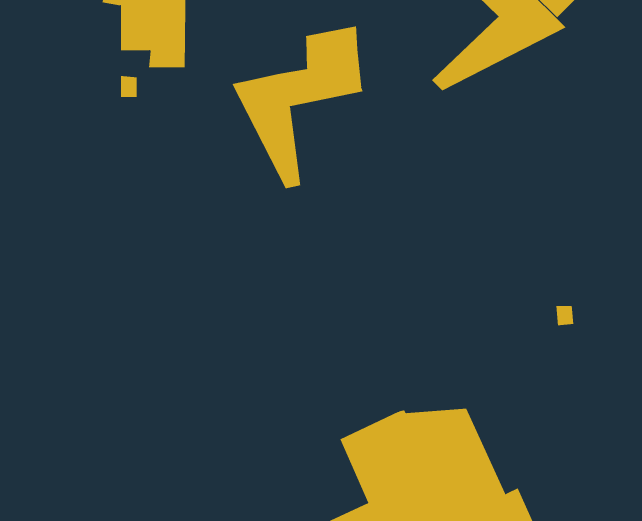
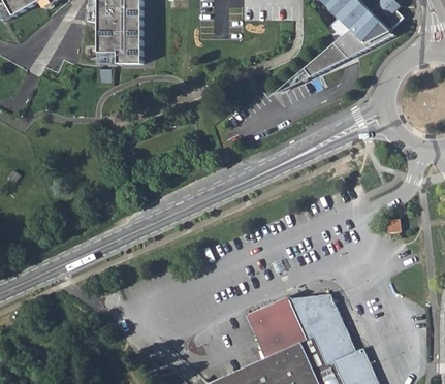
building: [231,26,363,189] -> none

